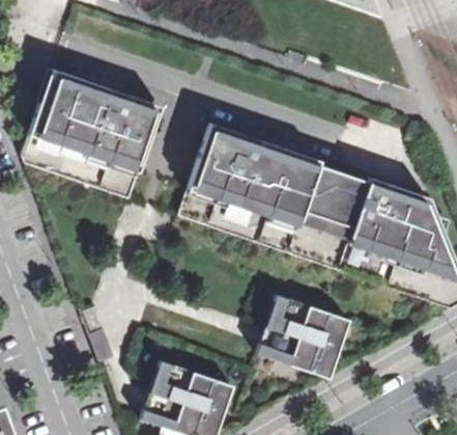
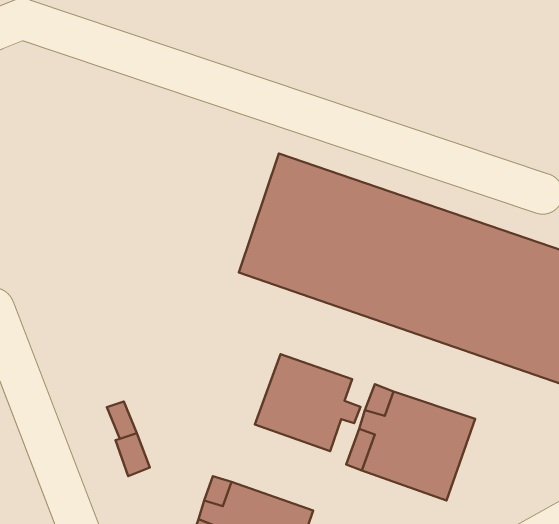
building: [18,70,160,196] -> none
building: none -> [255,354,360,451]

